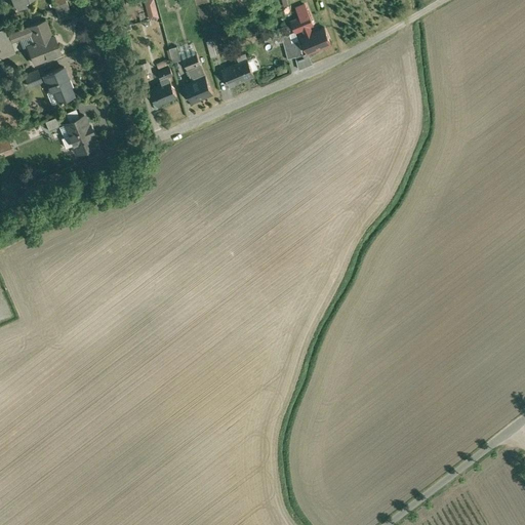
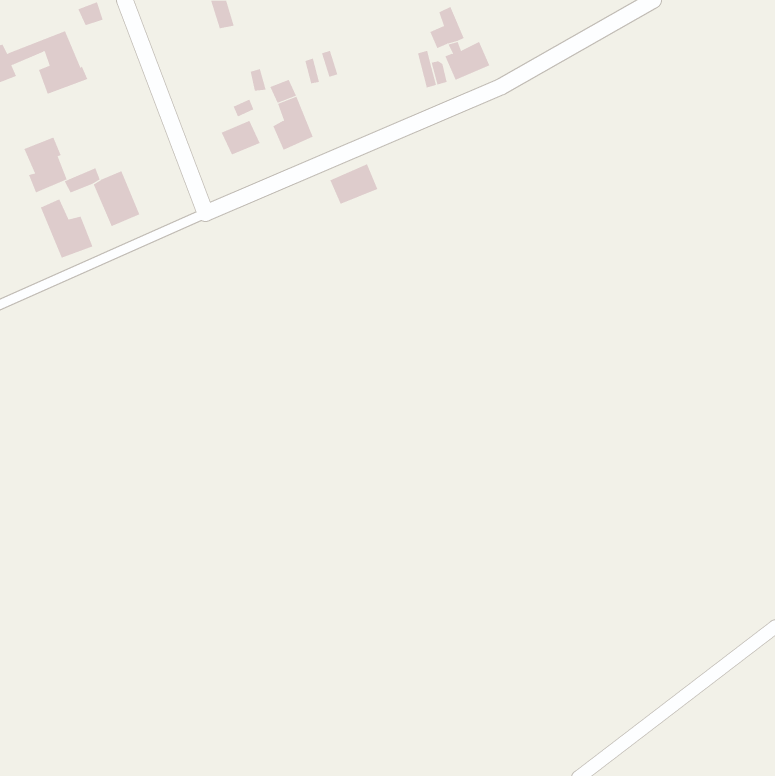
building: [220,59,253,87] -> [330,163,378,205]
building: [42,68,72,106] -> [23,137,68,193]
building: none -> [40,198,93,258]

